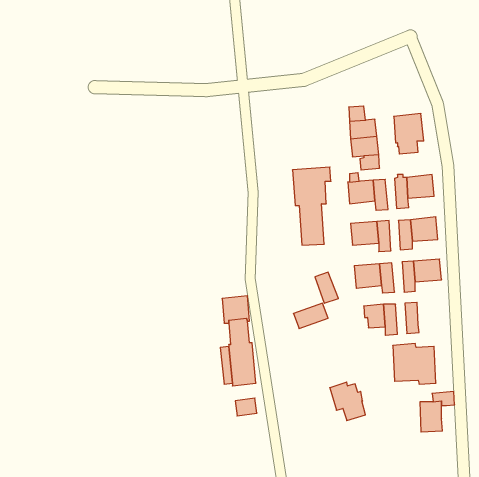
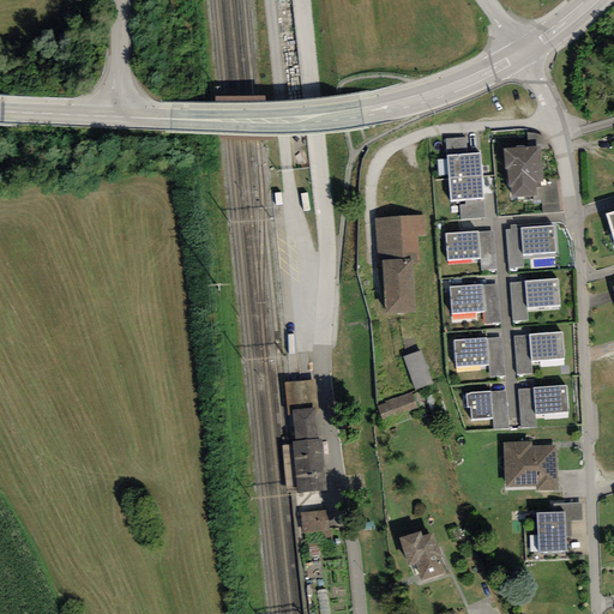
building: none -> [534,384,568,415]
building: [330,382,365,421] -> [399,531,445,580]

